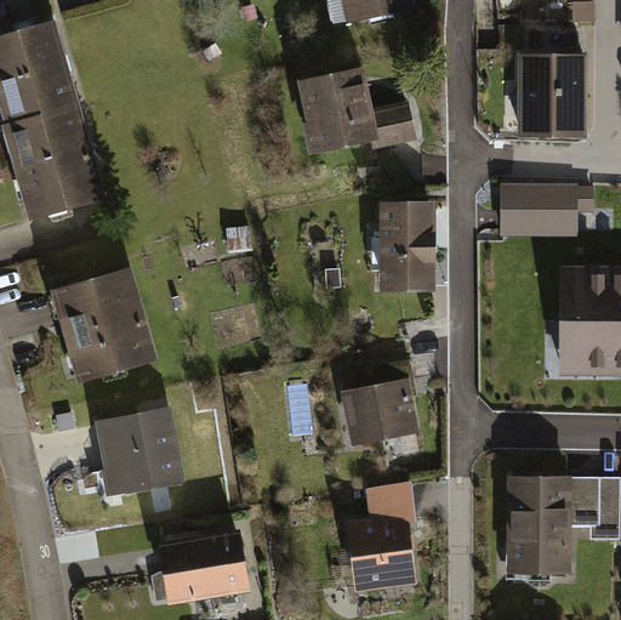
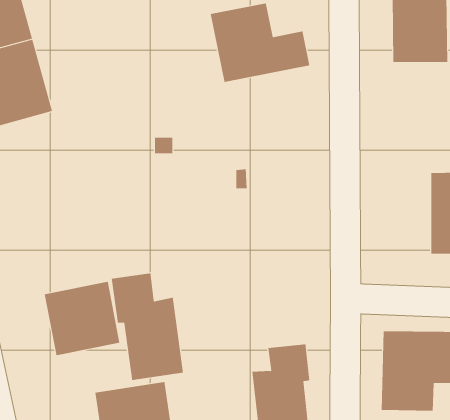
building: [500,183,576,238] -> none
building: [376,200,434,294] -> none
building: [49,268,159,386] -> none
building: [341,363,421,448] -> none
building: none -> [111,273,184,381]

